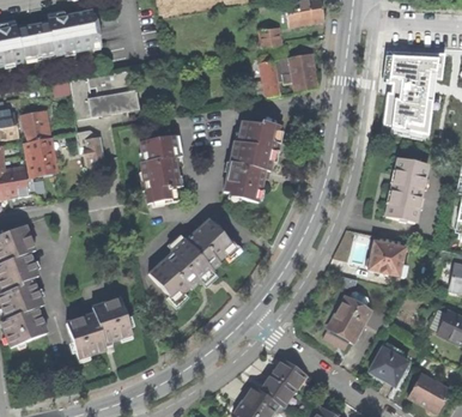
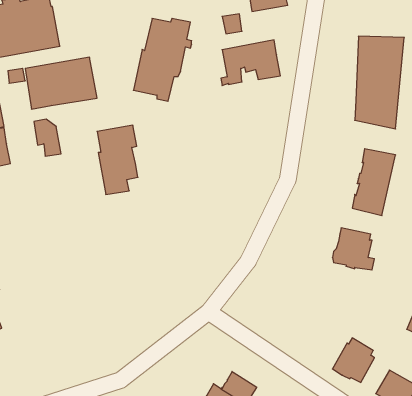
building: [224,122,280,203] -> [133,18,192,101]
building: [148,218,233,301] -> none
building: [327,291,387,343] -> none
building: [66,298,133,363] -> none
building: [270,359,305,392] -> none

